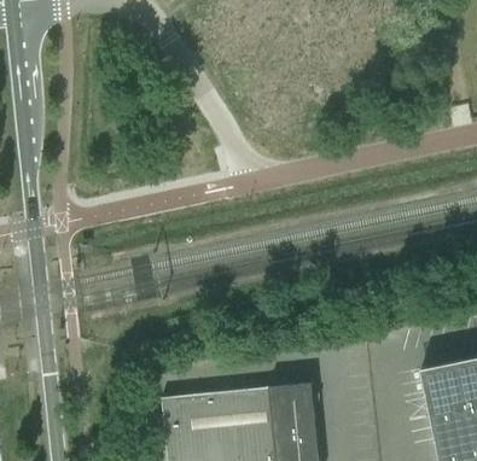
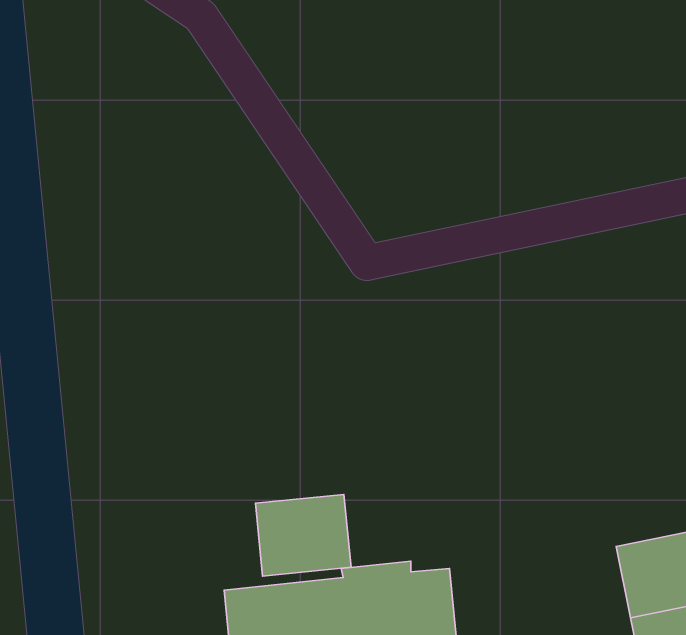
building: none -> [255,495,351,576]

